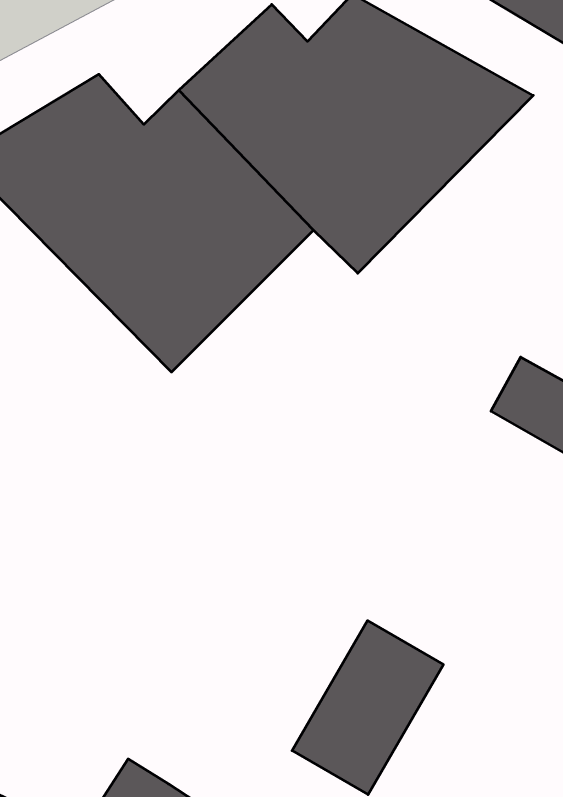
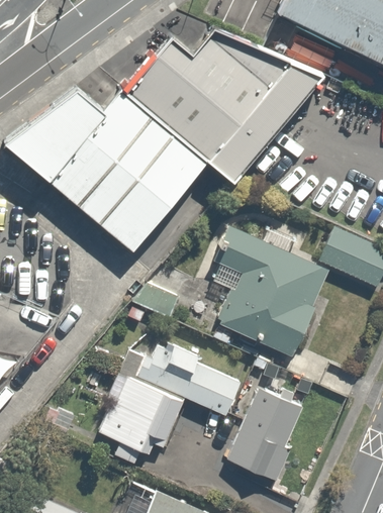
building: none -> [202,228,322,355]
building: none -> [93,342,244,476]

